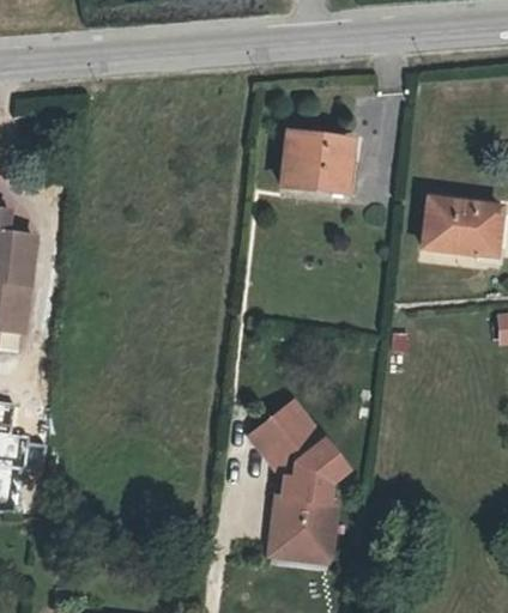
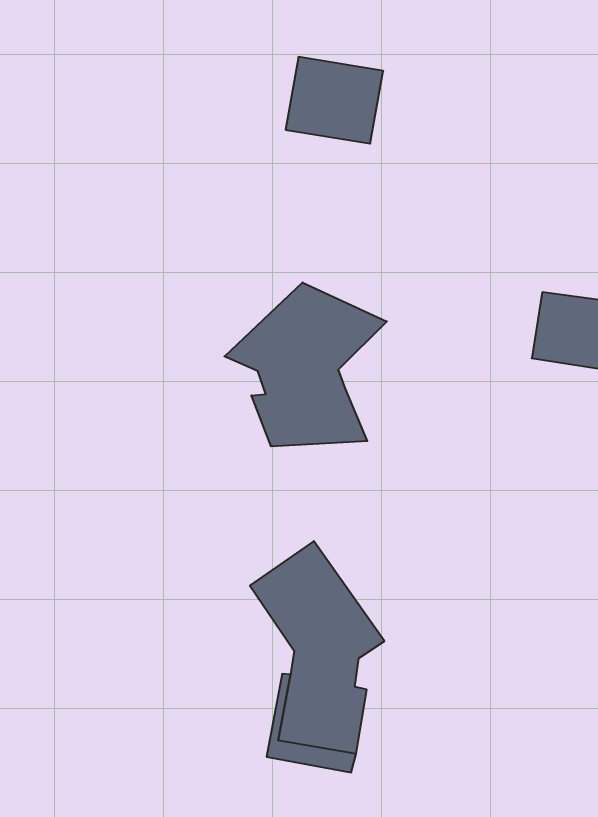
building: [279,131,344,187] -> [286,57,383,144]
building: none -> [224,282,387,446]

